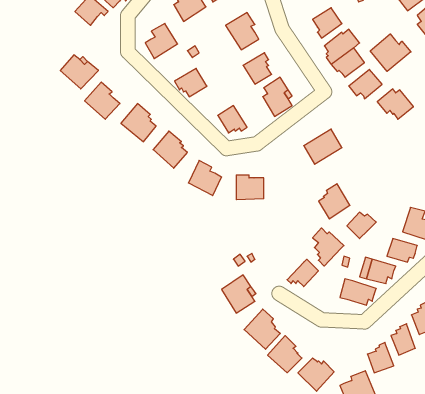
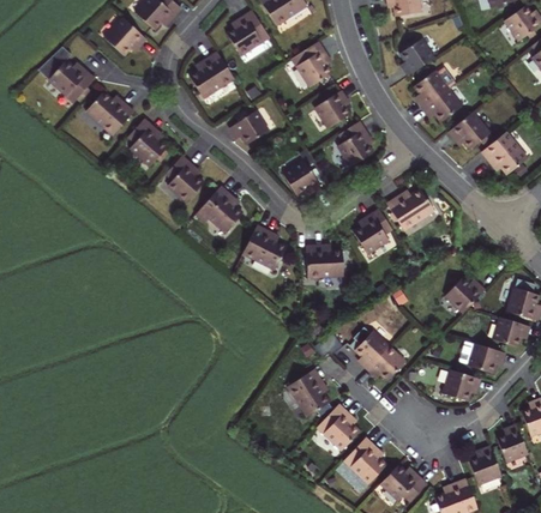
building: none -> [42,48,97,104]
building: [370,34,411,71] -> none
building: [319,184,350,219] -> [356,206,395,249]
building: [313,228,344,266] -> [354,322,392,369]

